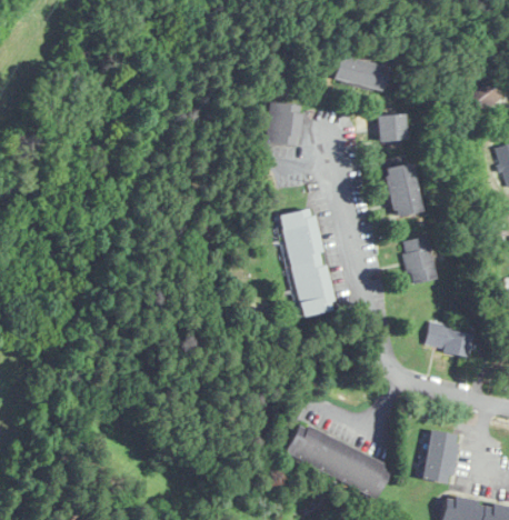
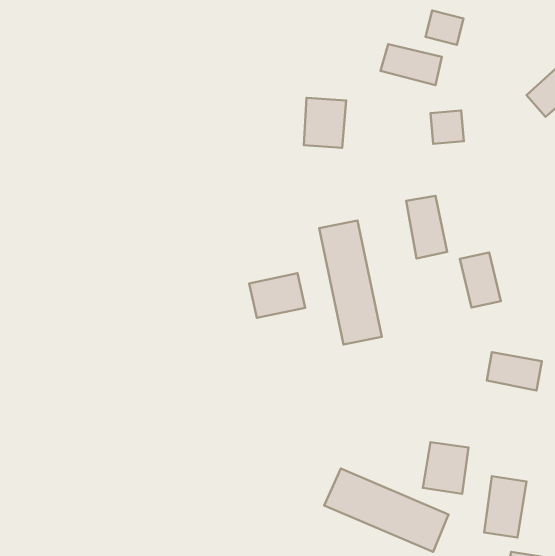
building: none -> [426,10,463,45]
building: [385,163,420,218] -> [406,196,447,258]
building: none -> [249,273,305,318]
building: none -> [423,442,468,494]

